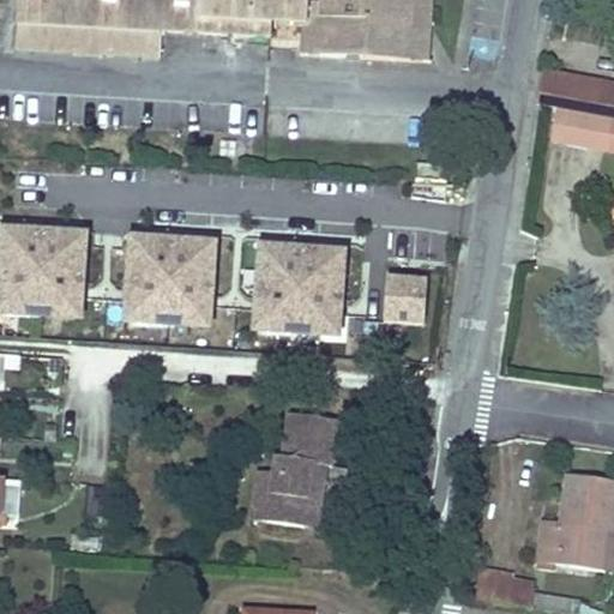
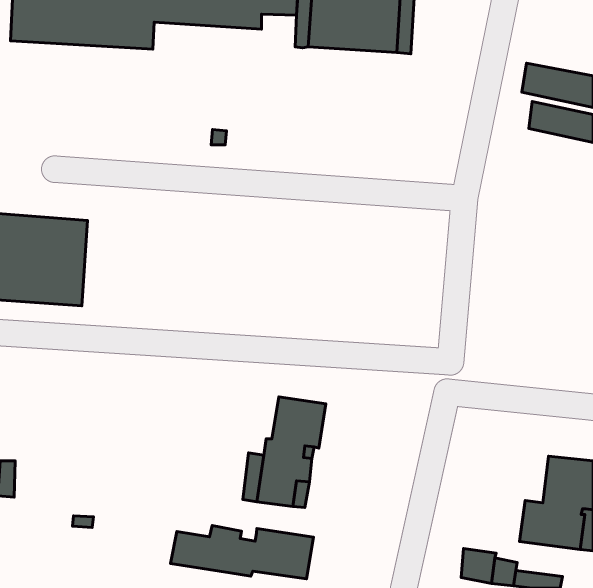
building: [124,229,221,327] -> none
building: [254,239,348,335] -> none
building: [384,278,427,326] -> none
building: none -> [171,526,313,579]

